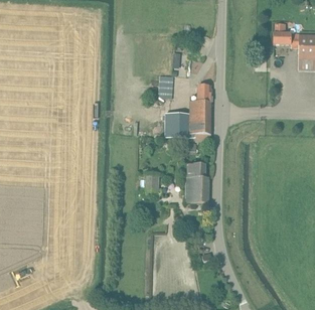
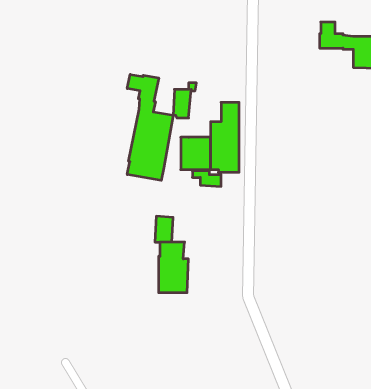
building: none -> [127,74,173,180]
building: [185,163,208,202] -> [159,242,188,293]

